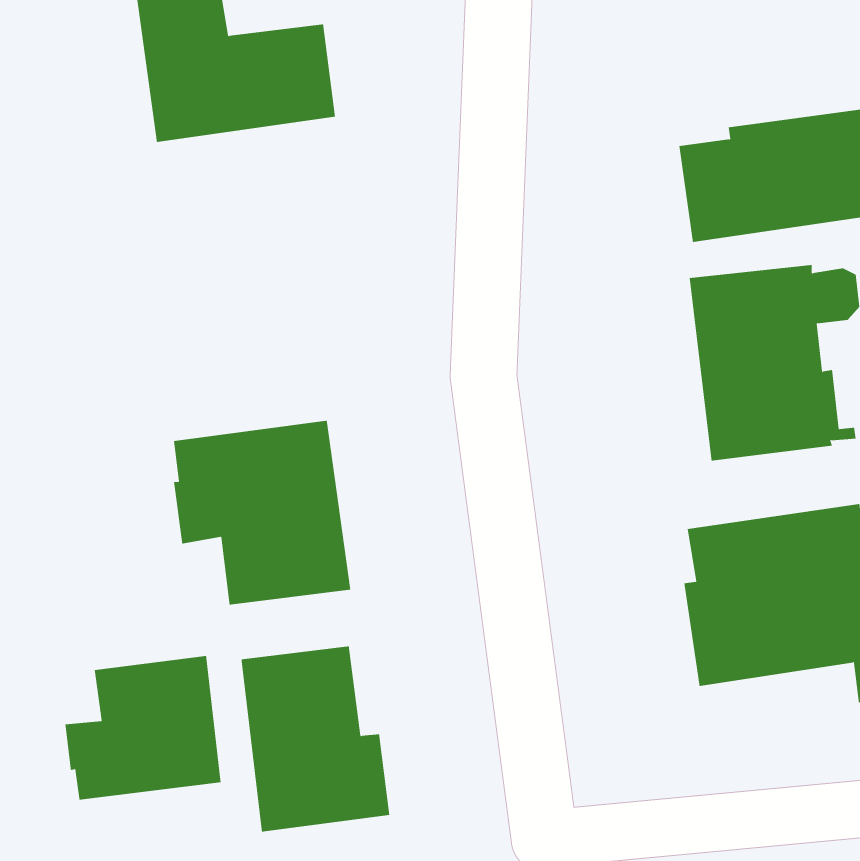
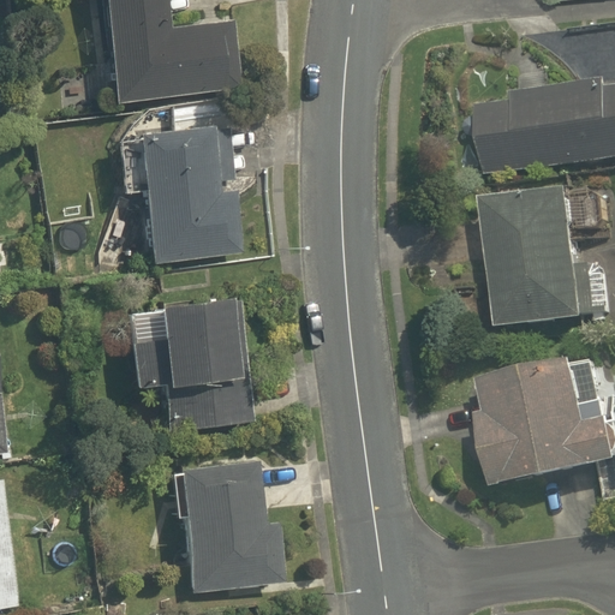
building: none -> [136,125,240,259]
building: [65,655,221,800] -> none

